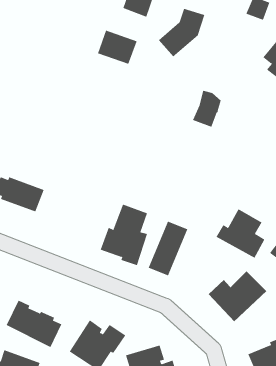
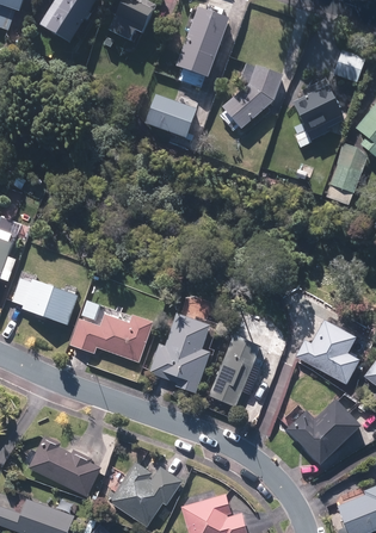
building: none -> [292,80,341,130]
building: [192,90,221,128] -> [328,143,365,191]
building: none -> [69,314,152,361]

